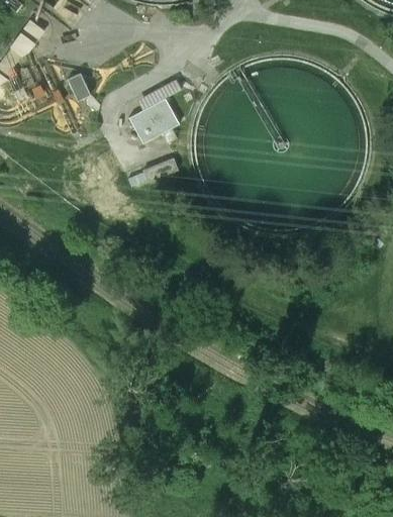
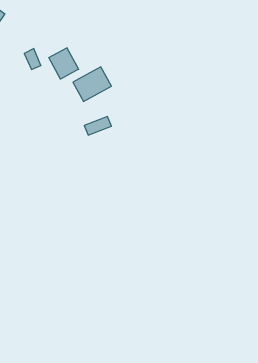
building: none -> [49,48,79,79]

